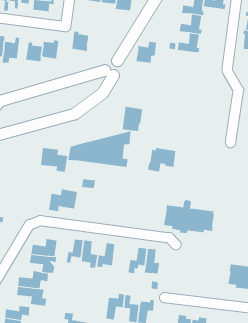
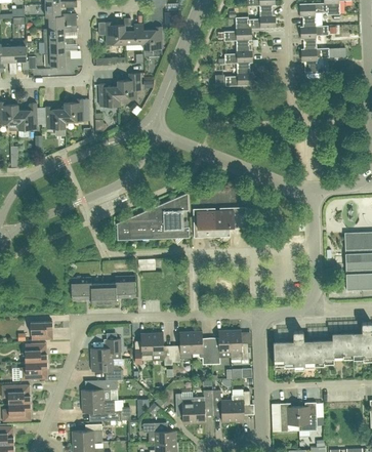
building: [136,41,157,63] -> [117,73,140,99]
building: [122,106,143,131] -> [193,208,215,237]
building: [40,147,68,173] -> [71,277,104,303]
building: [163,200,215,233] -> [273,330,334,371]
building: none -> [191,331,211,364]
building: none -> [175,393,194,422]

